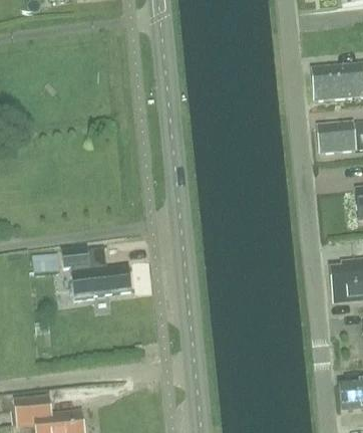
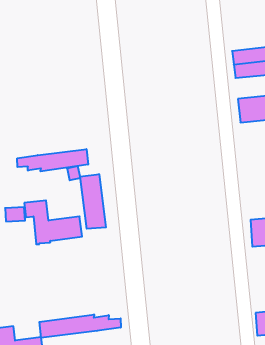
building: none -> [17,149,88,171]
building: none -> [80,174,106,229]
building: none -> [39,314,121,338]

